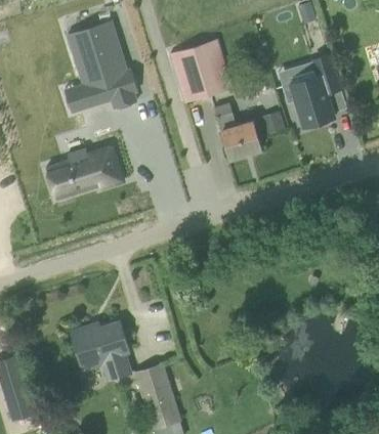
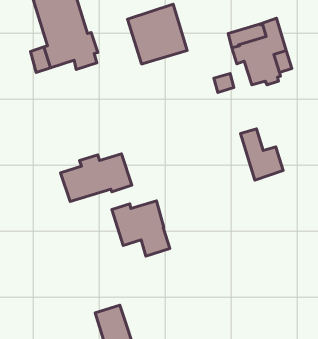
building: [214,103,260,159] -> [241,129,283,180]
building: [45,147,122,199] -> [61,154,132,201]
building: [71,322,133,382] -> [112,201,170,256]

